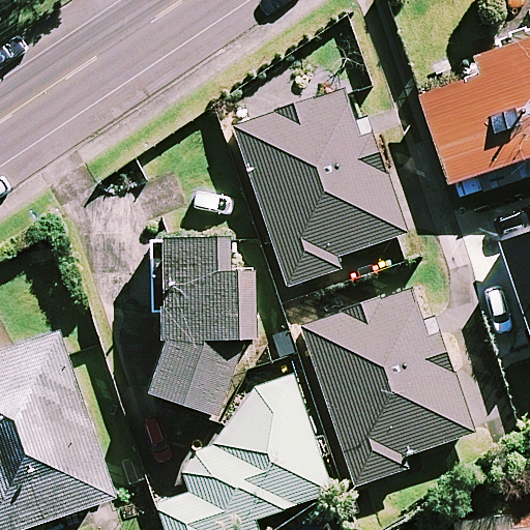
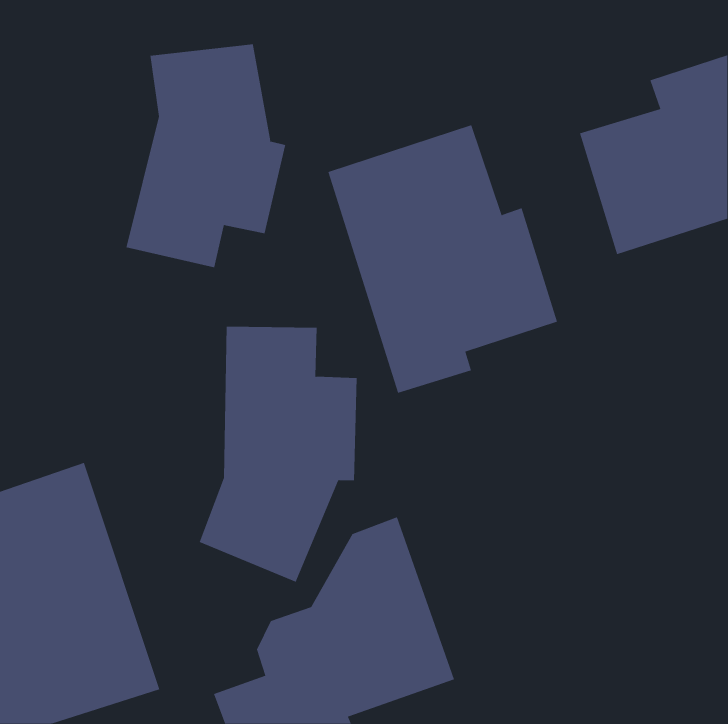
building: none -> [126,43,286,268]
building: [302,288,471,483] -> none

